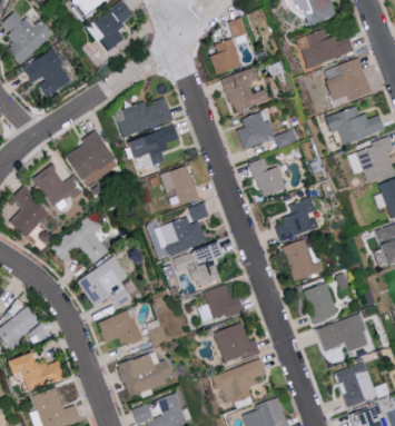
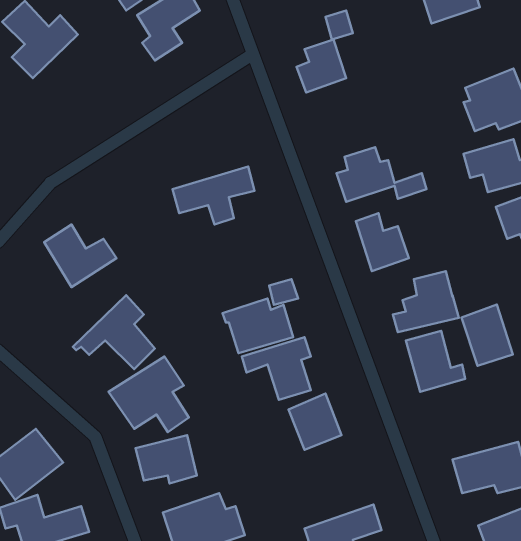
building: [299,29,354,69] -> none
building: [27,50,76,97] -> none
building: [221,69,269,112] -> none
building: [113,98,174,139] -> none
building: [65,129,119,188] -> none
building: [159,165,200,206] -> none
building: [8,187,50,239] -> none
building: [303,283,338,325] -> [461,305,513,366]
building: [213,323,259,366] -> none

